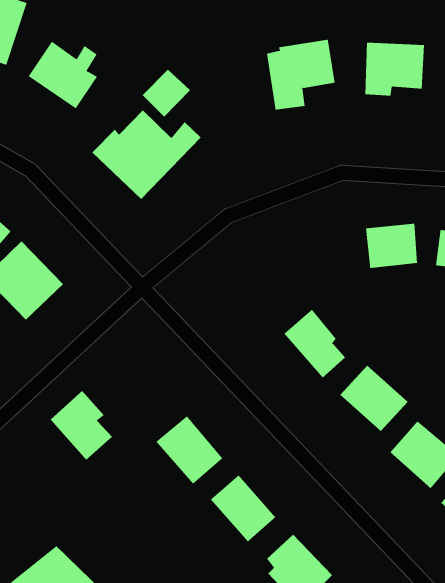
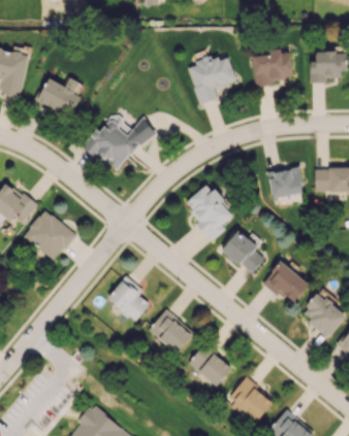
building: [142,69,191,117] -> none
building: none -> [183,183,232,240]
building: [50,390,113,460] -> [107,276,150,322]

